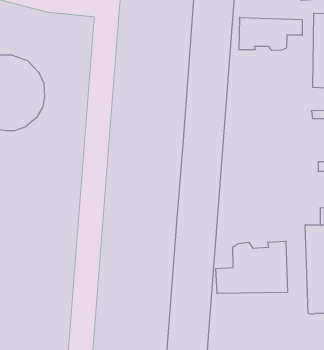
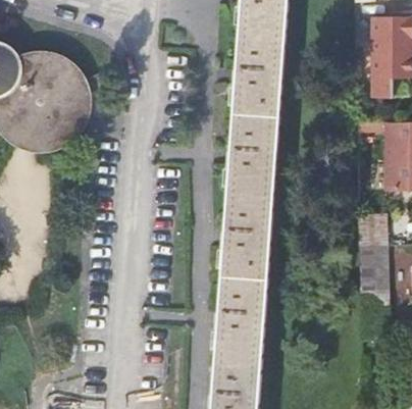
building: [239,17,302,50] -> none
building: [216,241,288,294] -> none

